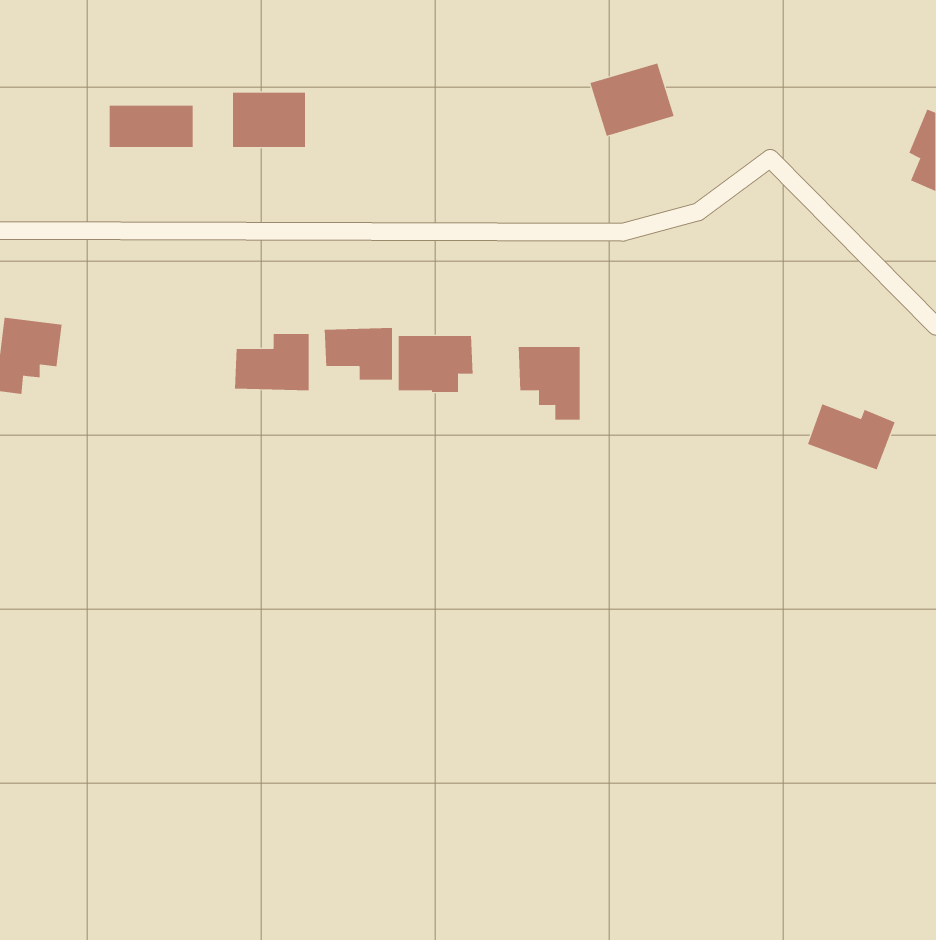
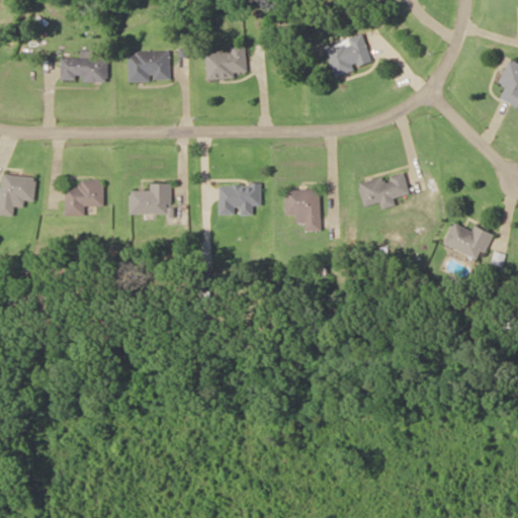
building: none -> [205,45,245,79]
building: none -> [358,172,409,208]
building: [324,327,392,381] -> none
building: none -> [64,180,102,214]

